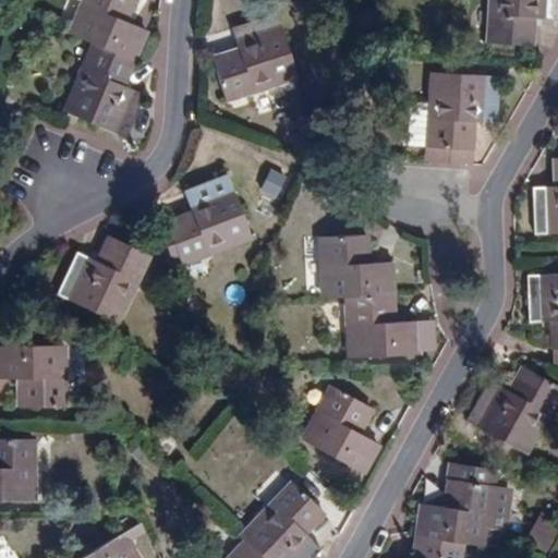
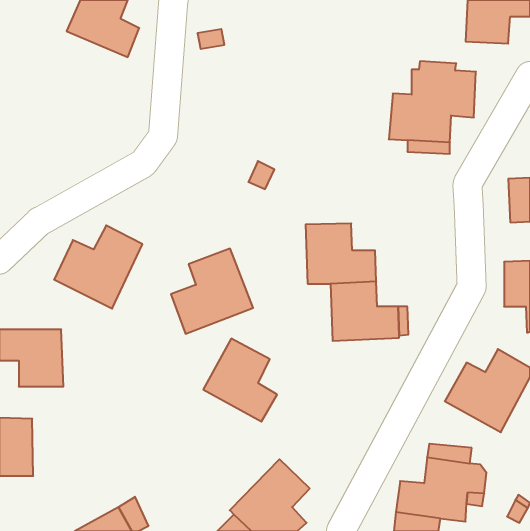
building: [213,13,298,100] -> none
building: [64,43,145,137] -> none
building: [166,174,252,264] -> [171,249,253,334]
building: [302,386,379,473] -> [203,339,277,422]

